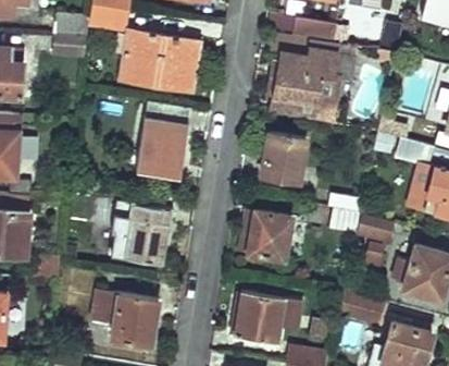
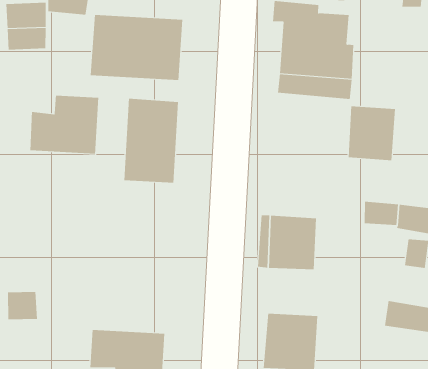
building: none -> [30,95,99,155]
building: [262,134,305,183] -> [348,106,396,161]
building: [110,204,174,264] -> none

